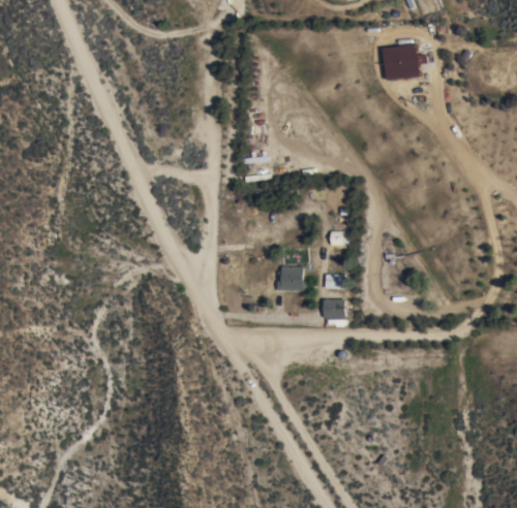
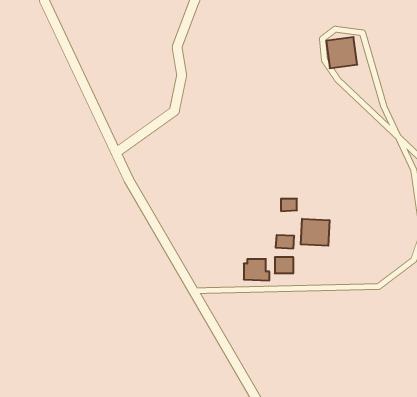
building: none -> [301,219,329,246]
building: [276,266,306,291] -> [244,259,269,280]

